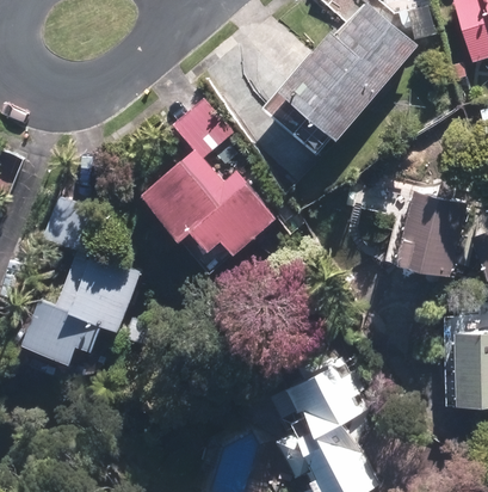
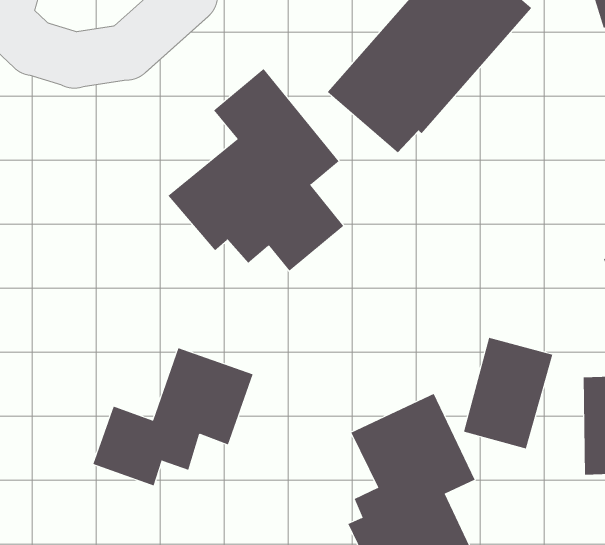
building: [395,190,463,275] -> [463,337,553,449]
building: [21,252,143,357] -> [93,347,254,486]

